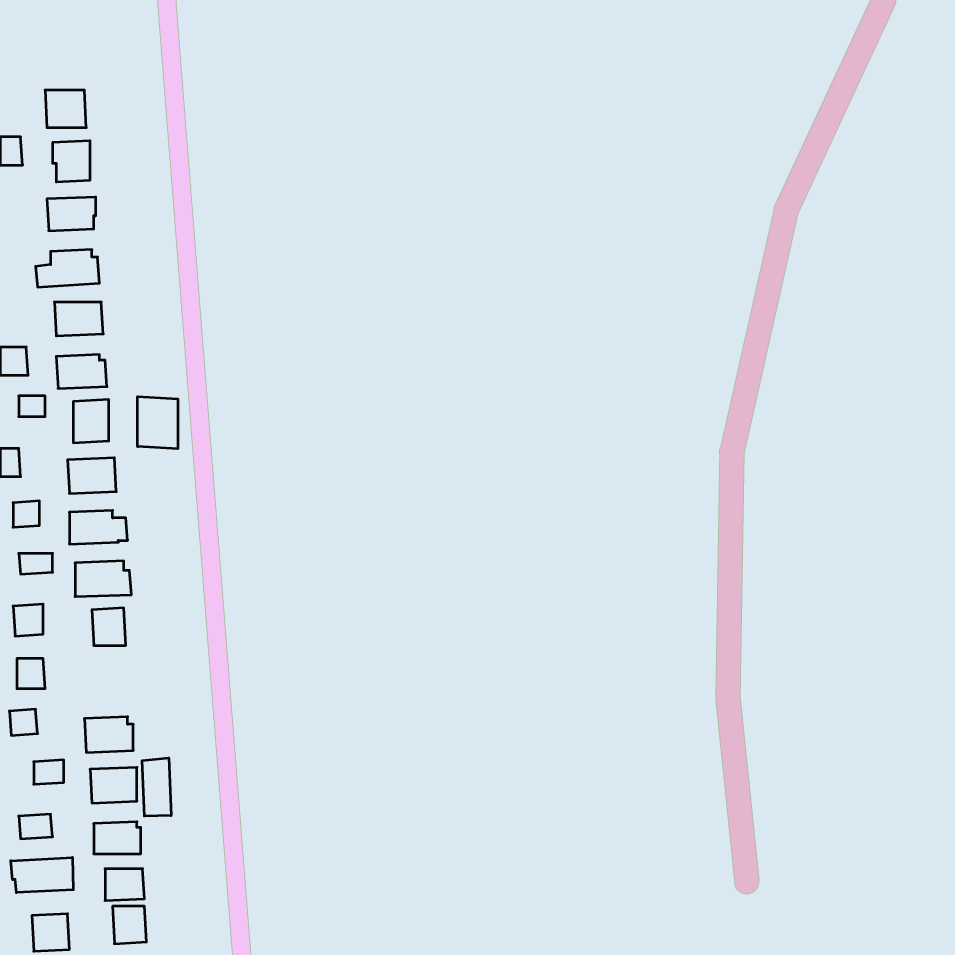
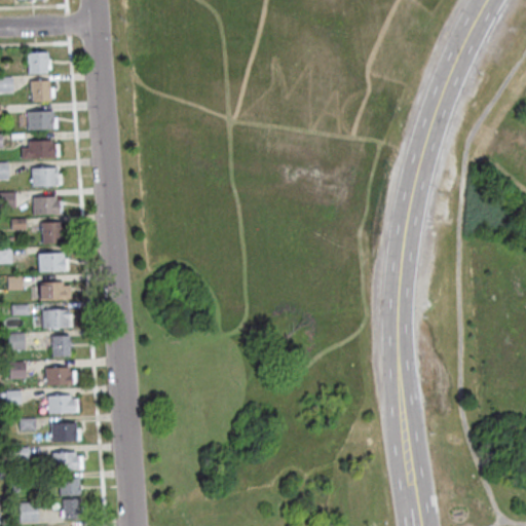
building: [138,397,178,449] -> none
building: none -> [46,367,73,385]
building: [142,758,171,816] -> none
building: [11,857,73,893] -> none

